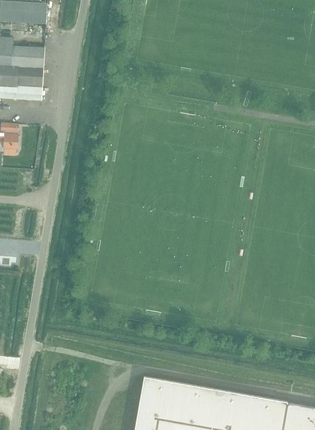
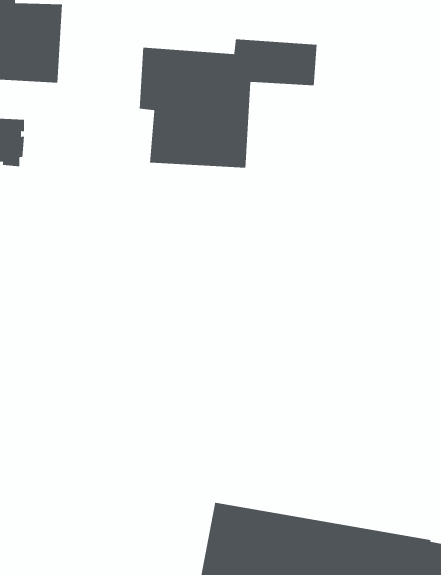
building: none -> [139,39,317,169]

